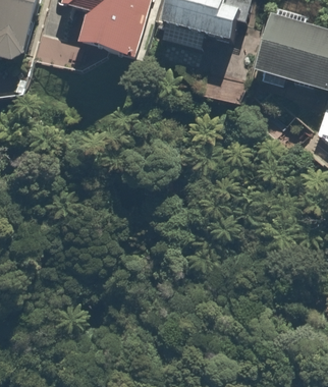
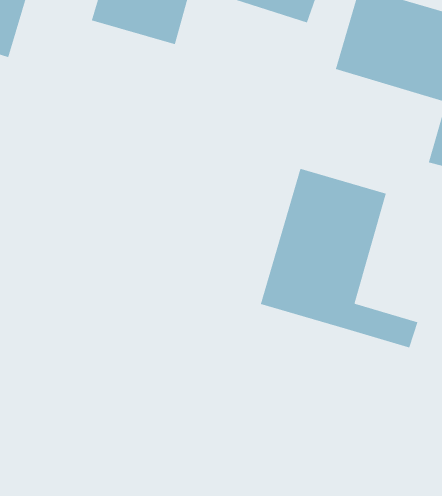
building: none -> [260,168,418,348]

